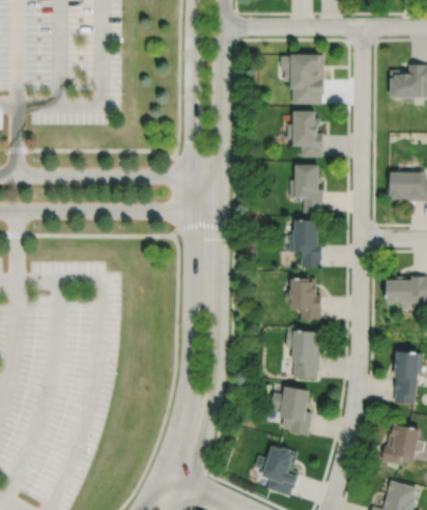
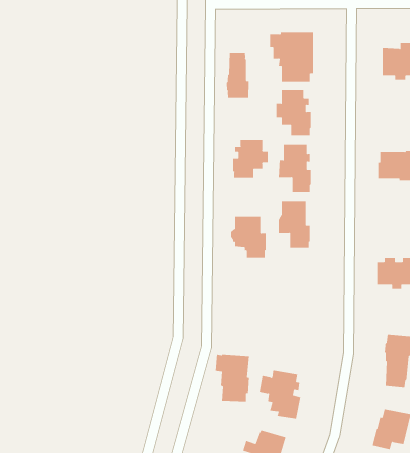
building: none -> [226,52,249,98]
building: none -> [232,139,268,178]
building: [284,278,320,319] -> [230,216,267,258]
building: [285,331,319,378] -> [215,354,250,402]

